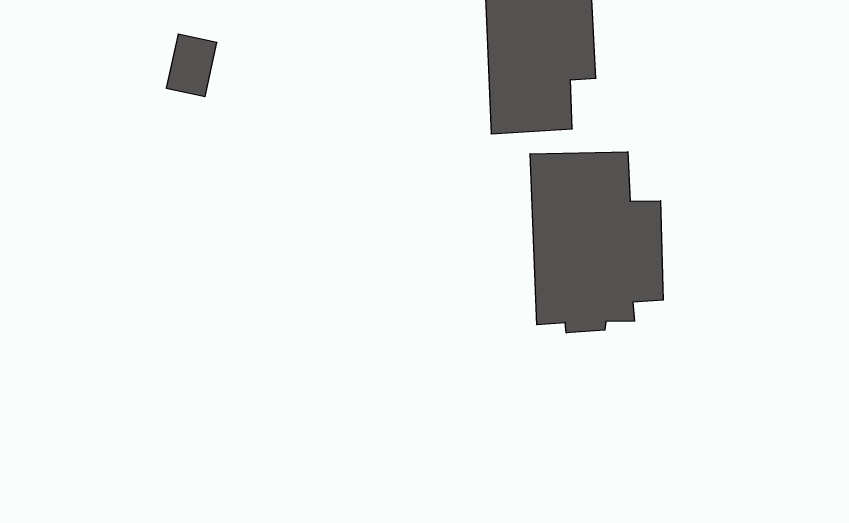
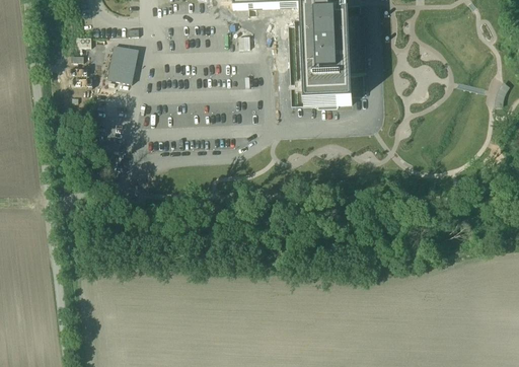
building: [530,152,663,333] -> none

